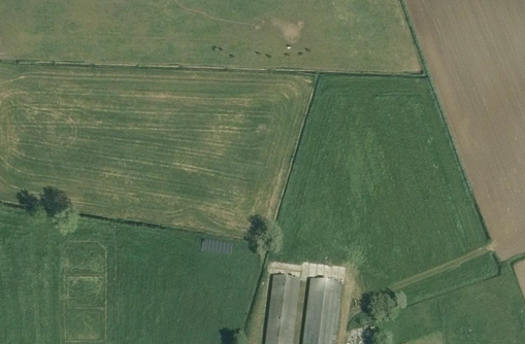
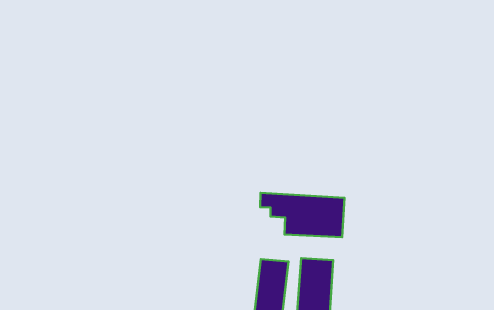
building: none -> [260,193,345,237]

